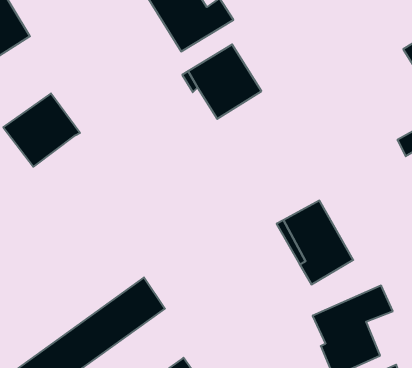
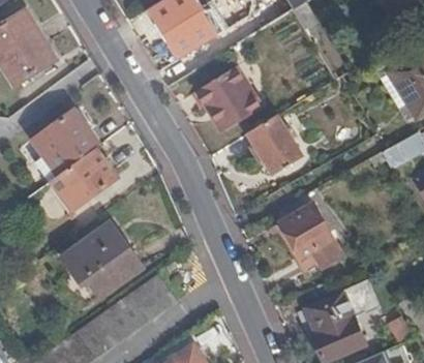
building: none -> [248,116,300,172]
building: none -> [50,147,116,210]
building: none -> [61,221,143,297]

